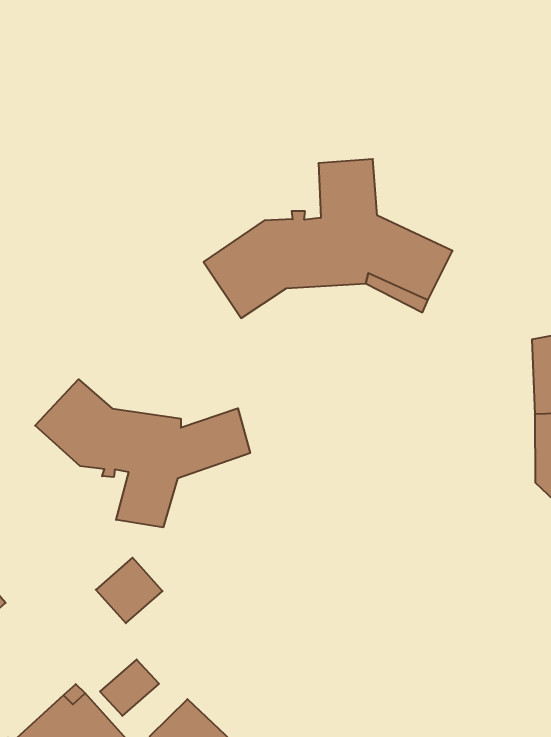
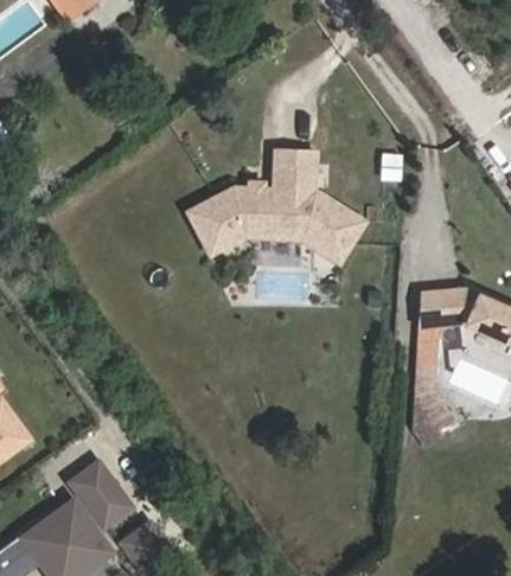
building: [35,379,250,527] -> none
building: [96,558,163,623] -> [69,462,116,508]

